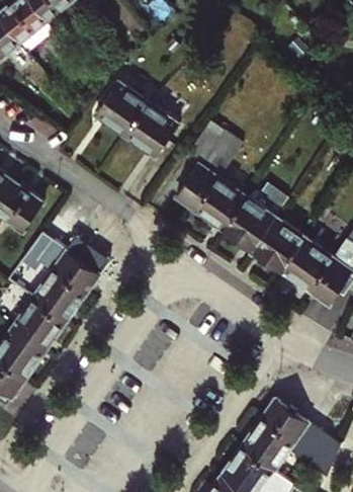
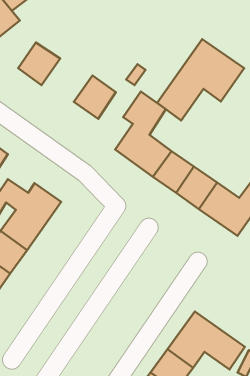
building: none -> [157,39,244,121]
building: [95,82,148,136] -> [18,42,60,85]

